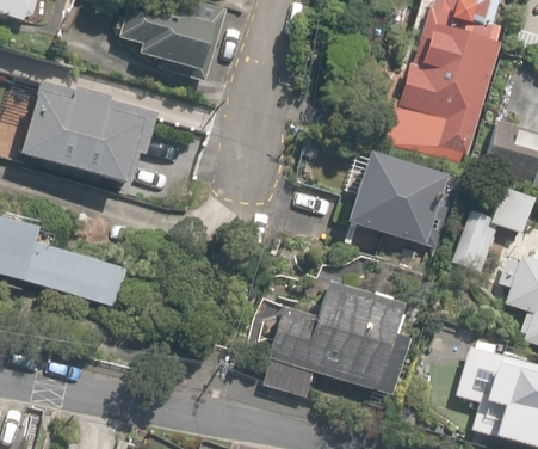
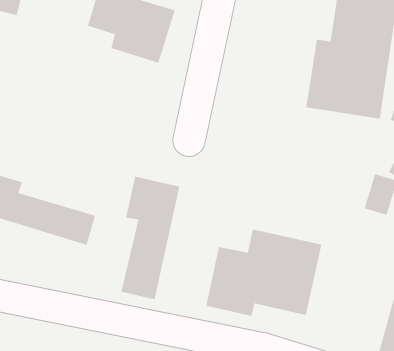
building: [19,61,203,205] -> none
building: [341,152,444,242] -> none
building: none -> [121,176,180,300]

